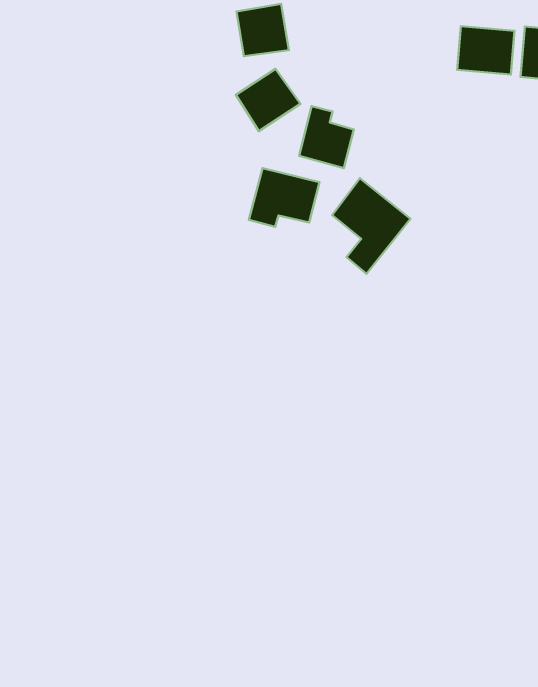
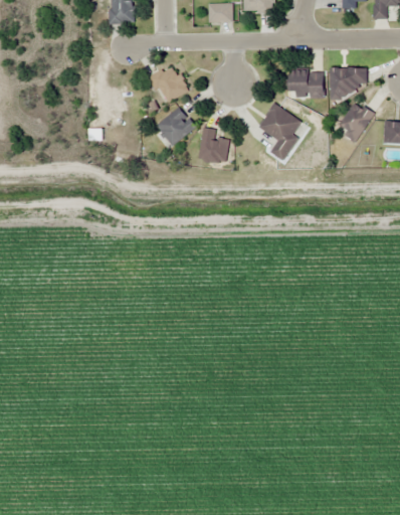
building: [249,168,320,227] -> none
building: [332,178,410,274] -> [258,103,307,161]

